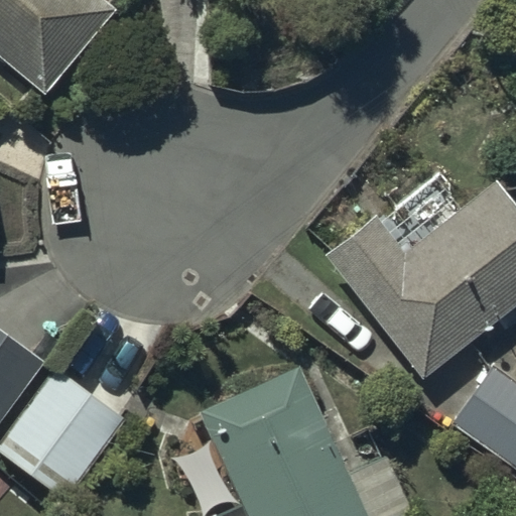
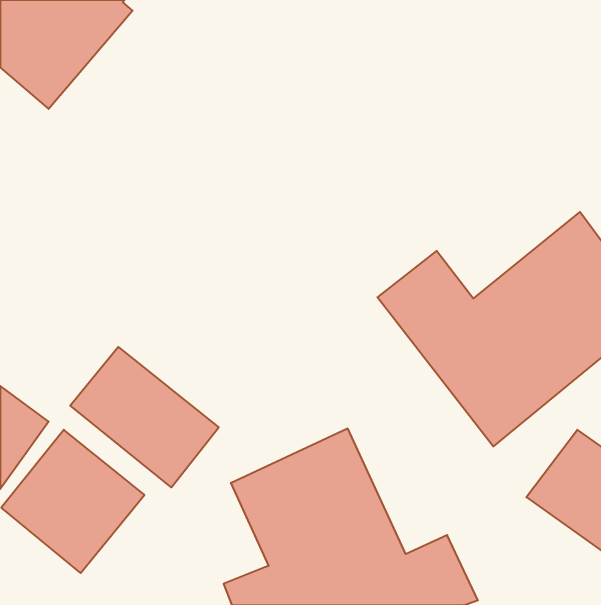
building: none -> [70,347,219,487]

